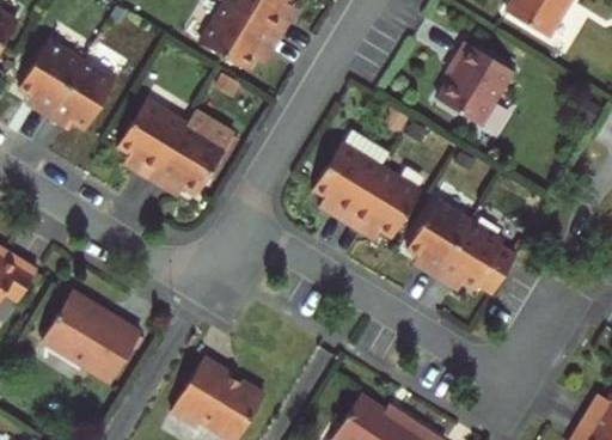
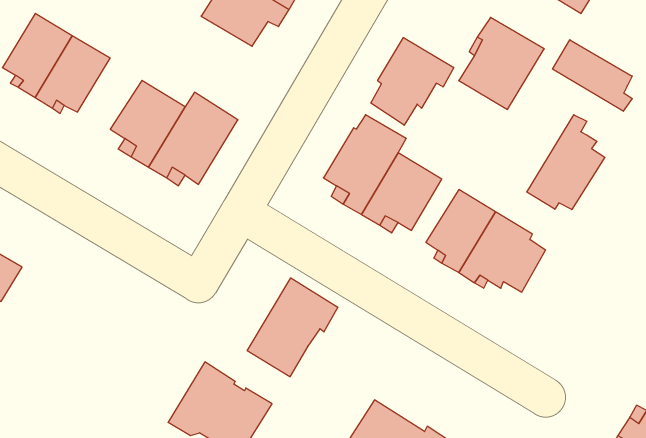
building: none -> [371,38,454,125]
building: none -> [552,40,632,111]
building: none -> [527,115,605,210]
building: none -> [247,278,338,377]
building: [43,289,141,383] -> none

